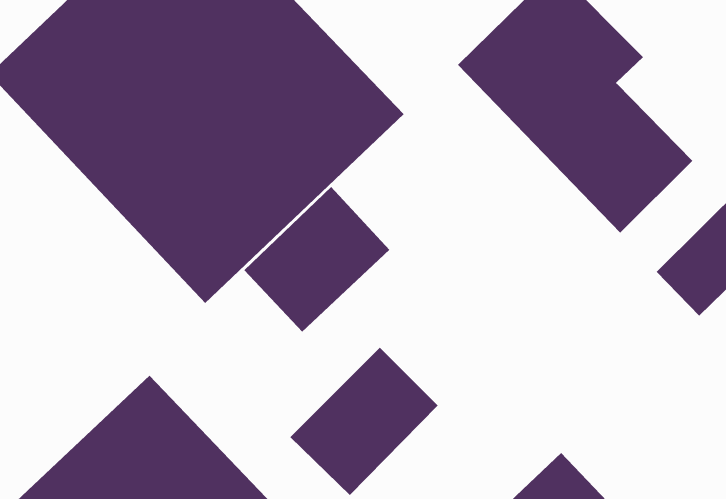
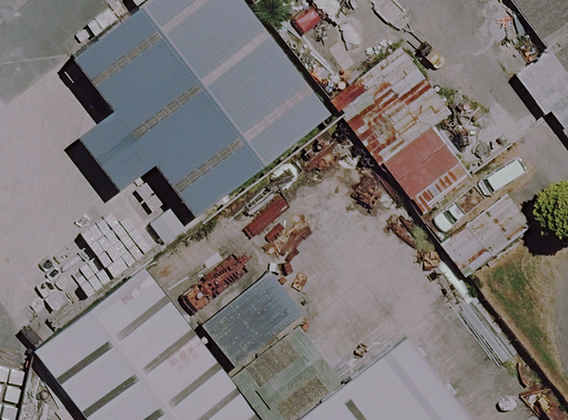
building: [243,186,390,332] -> none

